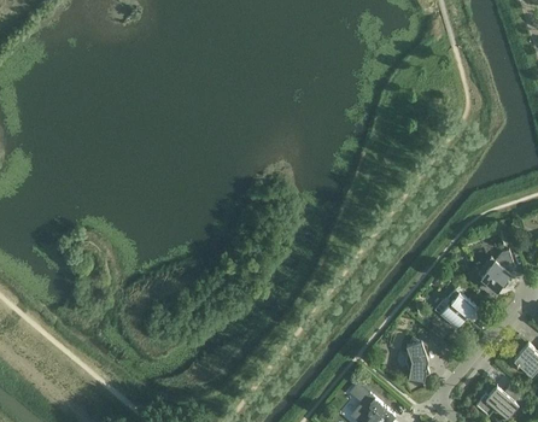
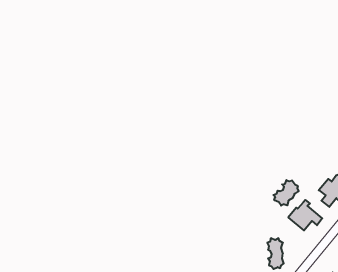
building: none -> [273,180,299,206]

